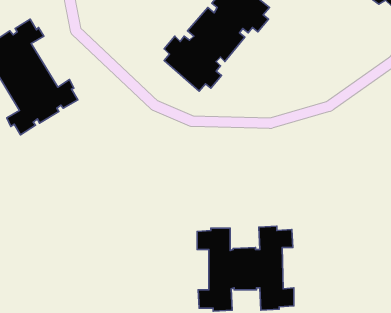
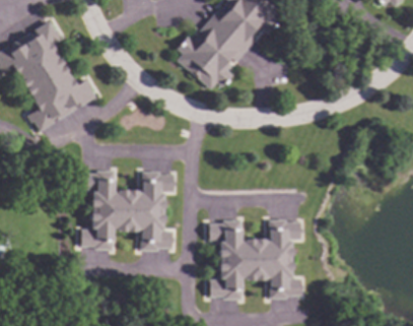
building: none -> [82,171,174,251]

